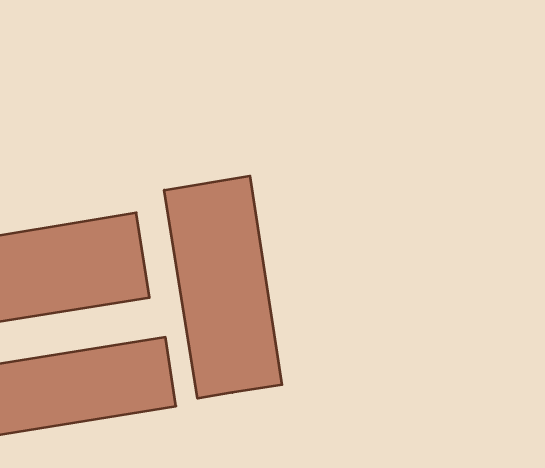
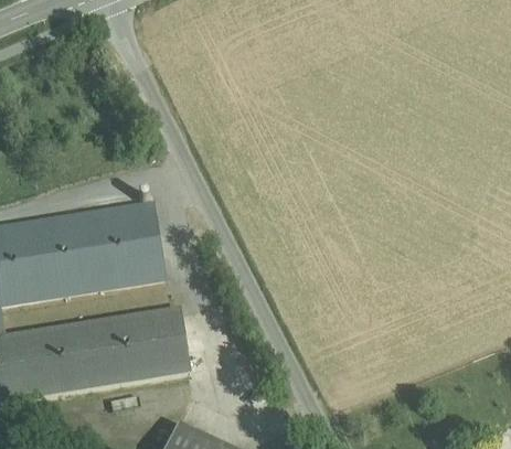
building: [164,176,282,398] -> none

